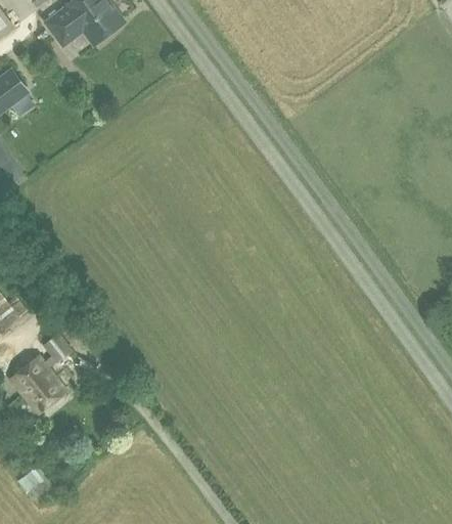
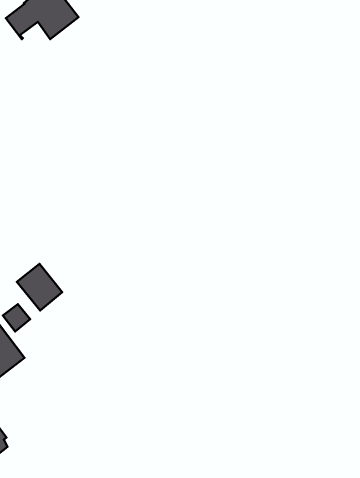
building: none -> [17,264,62,311]

